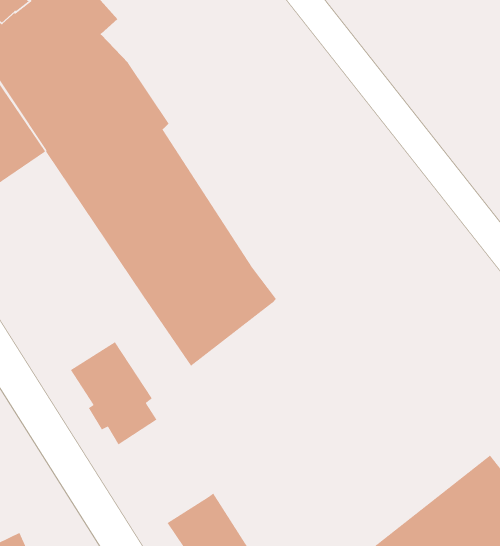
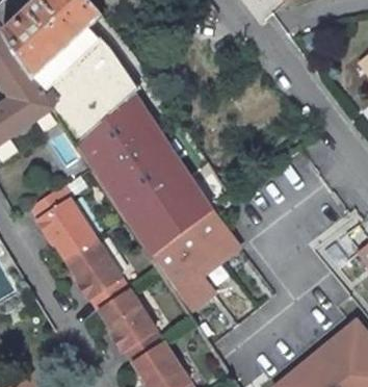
building: none -> [33,184,99,260]
building: none -> [151,211,239,314]
building: none -> [101,292,162,365]

